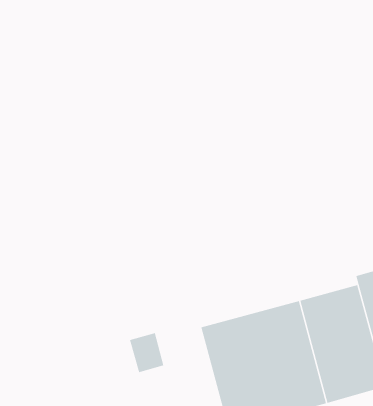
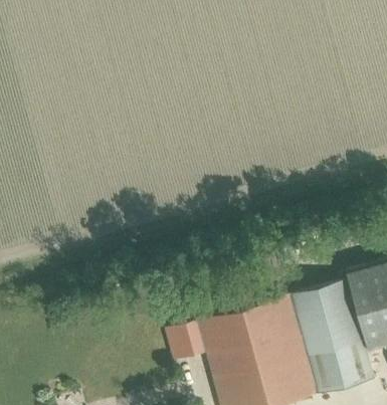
building: [129,332,164,373] -> [166,326,199,364]

